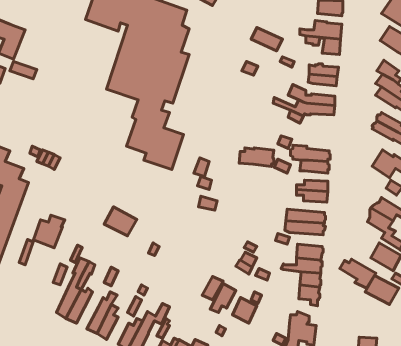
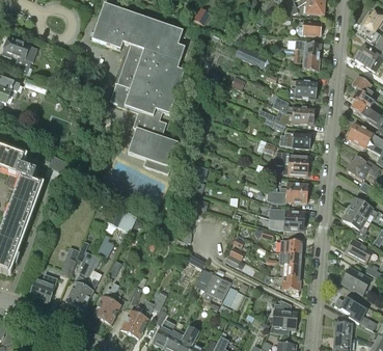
building: [239,148,274,167] -> [279,131,310,147]
building: [33,215,65,248] -> [29,273,57,302]
building: [340,259,376,288] -> [334,296,366,322]

